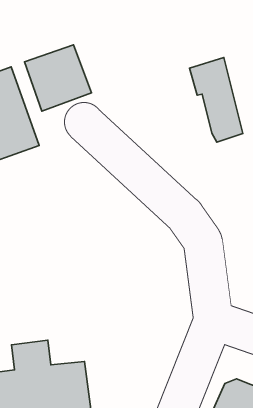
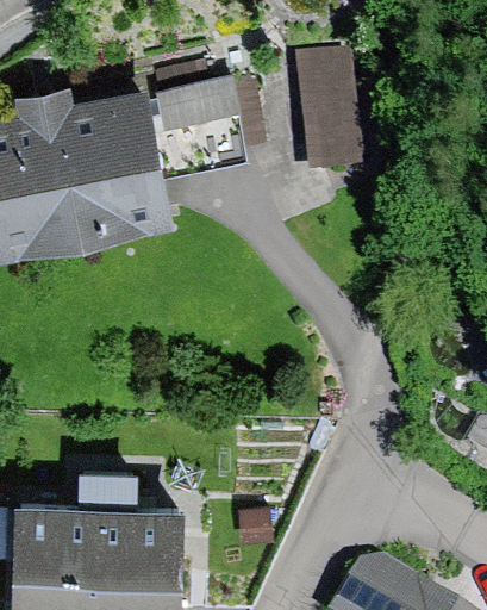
building: [189,58,243,142] -> [298,56,356,169]

